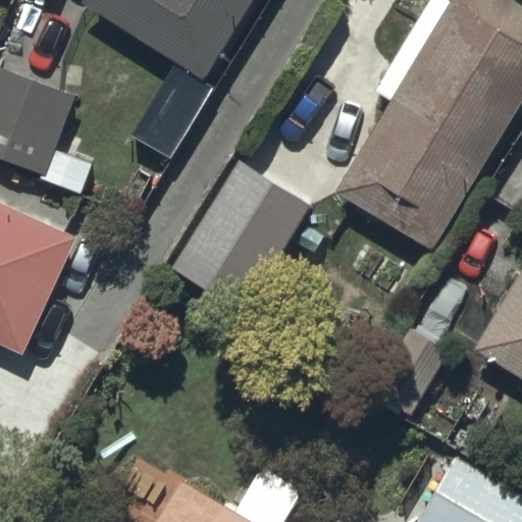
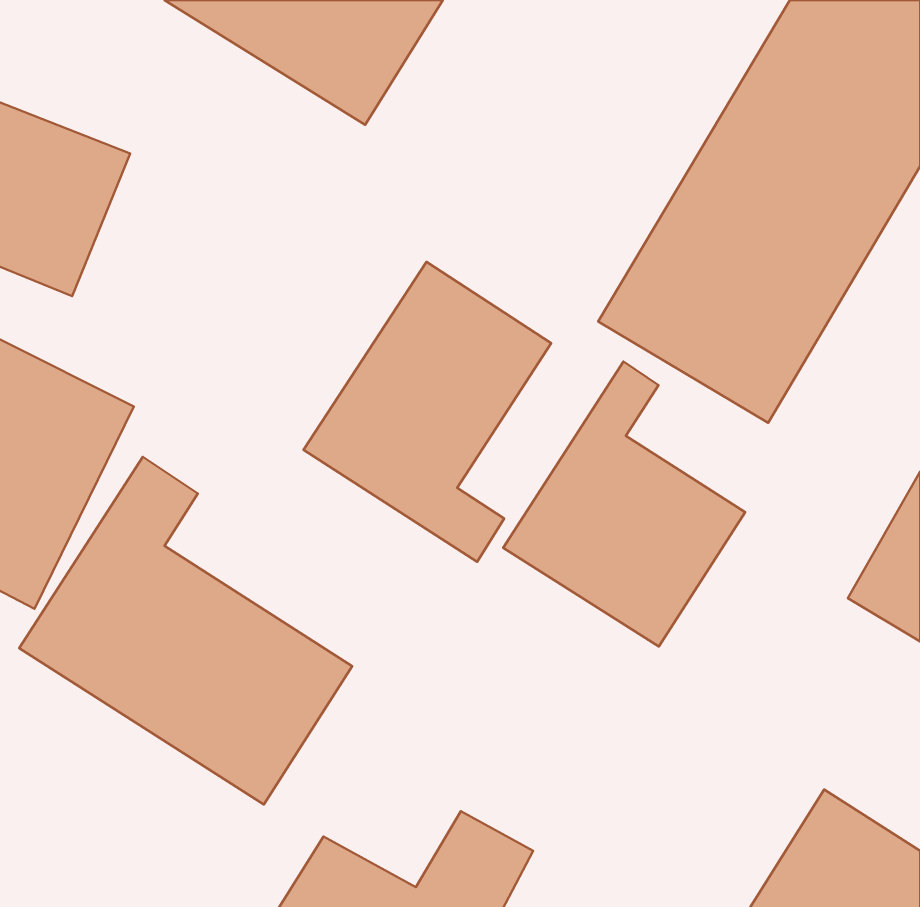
building: none -> [503,362,745,647]
building: none -> [19,457,352,805]

